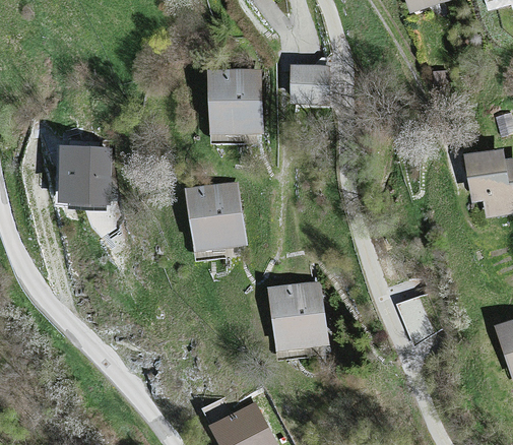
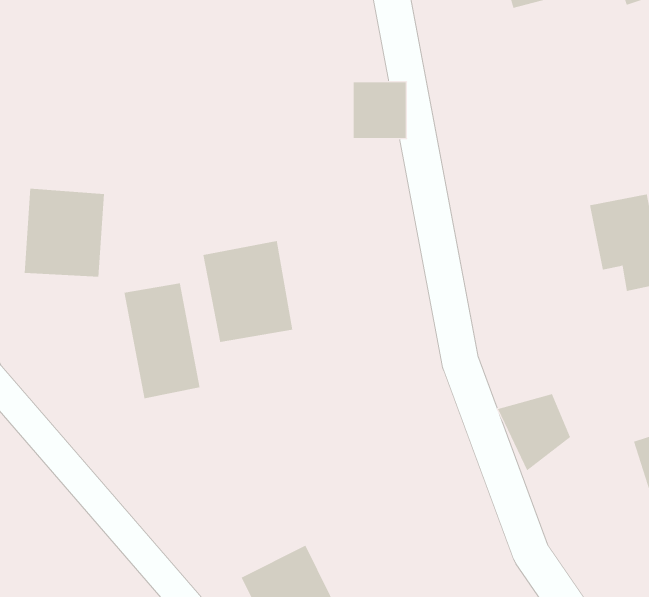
building: [206,69,263,140] -> none
building: none -> [124,282,200,399]
building: [265,280,327,355] -> none

